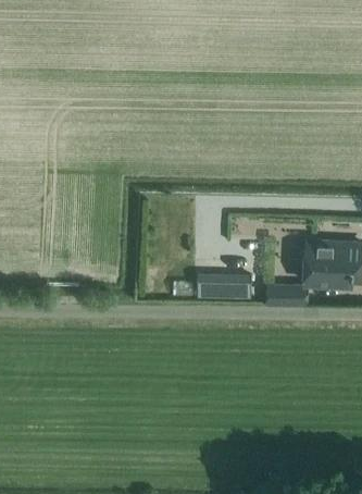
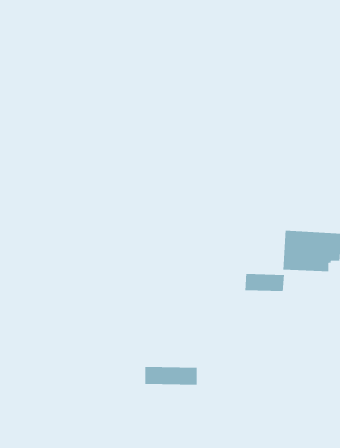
building: [198,281,251,300] -> [144,366,198,386]

